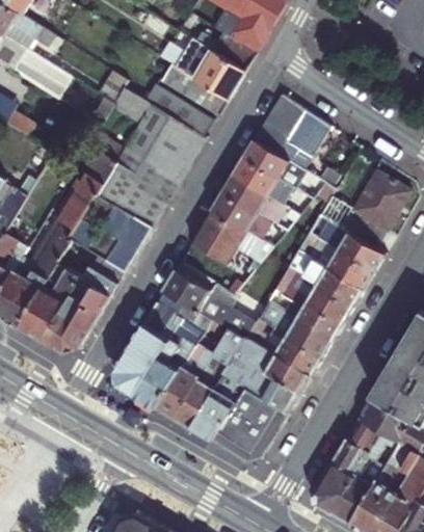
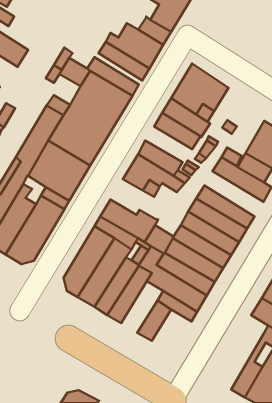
building: [221,176,282,222] -> none
building: [297,233,373,291] -> none
building: [190,374,244,441] -> none
building: [230,410,281,460] -> none
building: [312,436,374,513] -> none

